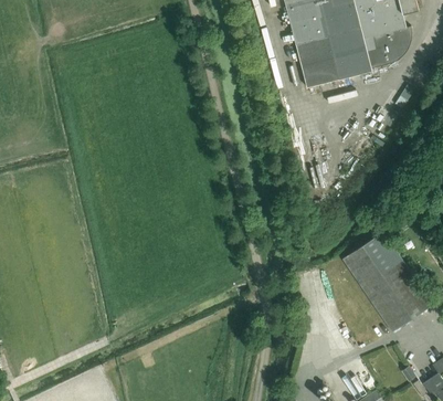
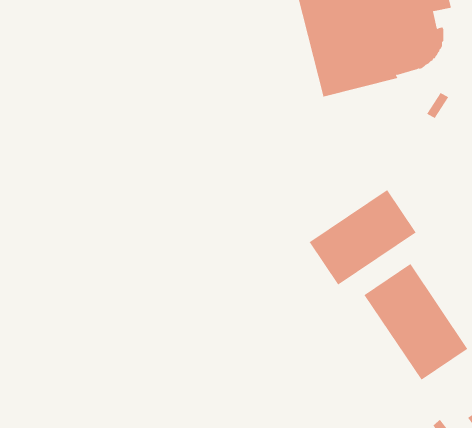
building: none -> [309,189,416,285]

